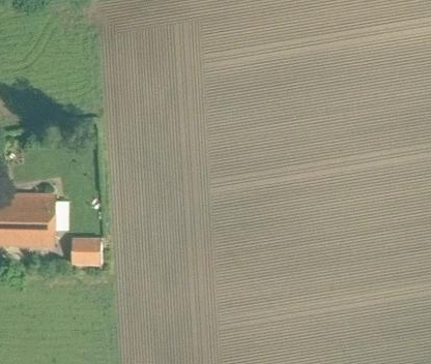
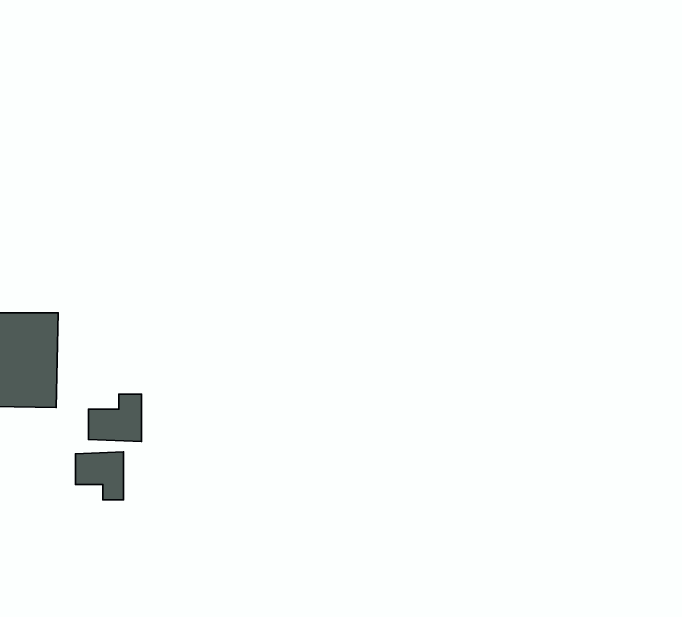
building: none -> [75,452,124,500]

